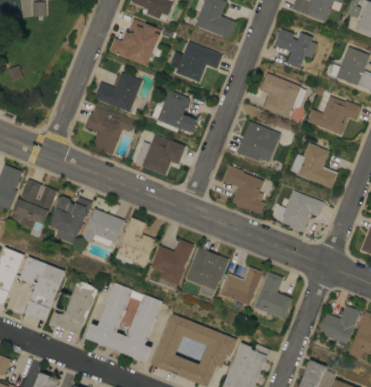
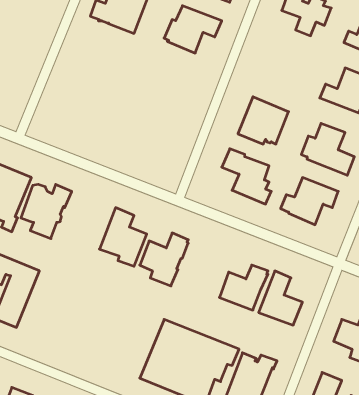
building: [94,72,141,112] -> none
building: [259,72,306,117] -> none
building: [151,89,196,132] -> none
building: [85,105,135,154] -> none
building: [135,134,185,175] -> none
building: [82,208,124,246] -> none
building: [186,247,228,296] -> none
building: [49,280,97,334] -> none
building: [85,282,162,361] -> none

